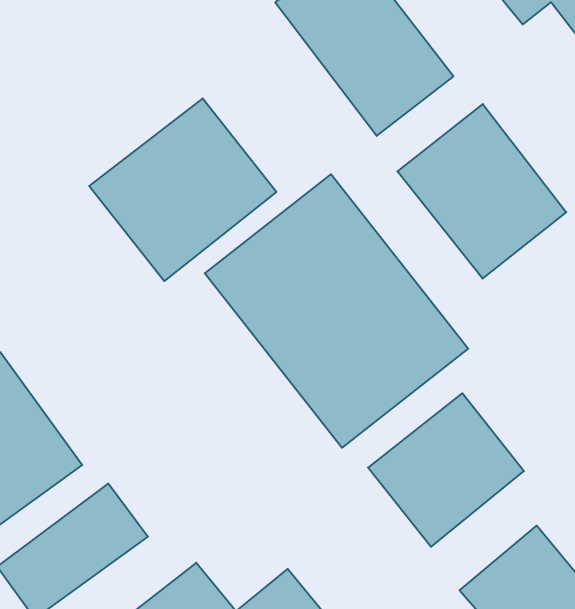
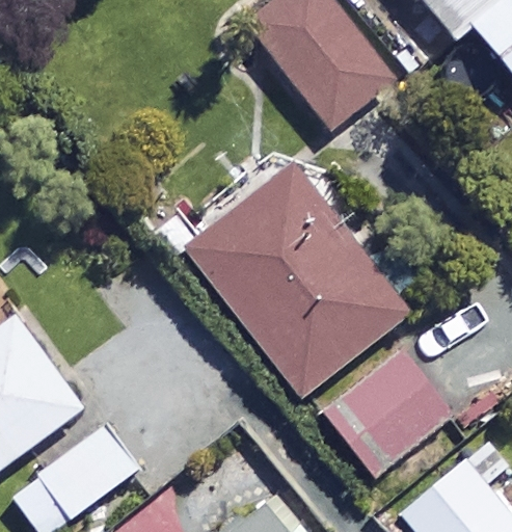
building: [89,98,276,281] -> none
building: [397,104,566,279] -> none

